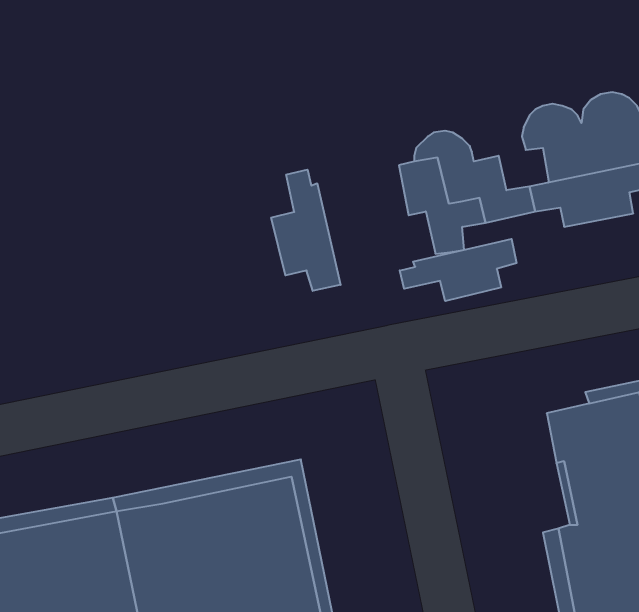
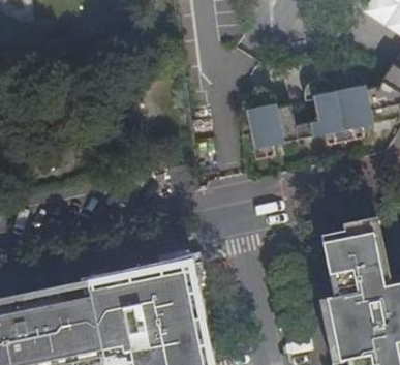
building: [271,170,341,291] -> none
building: [400,239,517,301] -> none

